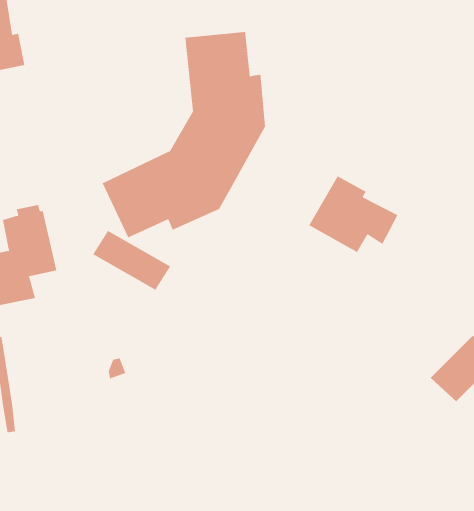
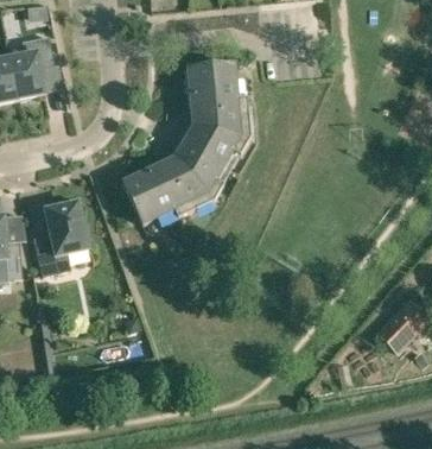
building: [309,175,398,253] -> none
building: [92,230,171,290] -> none

